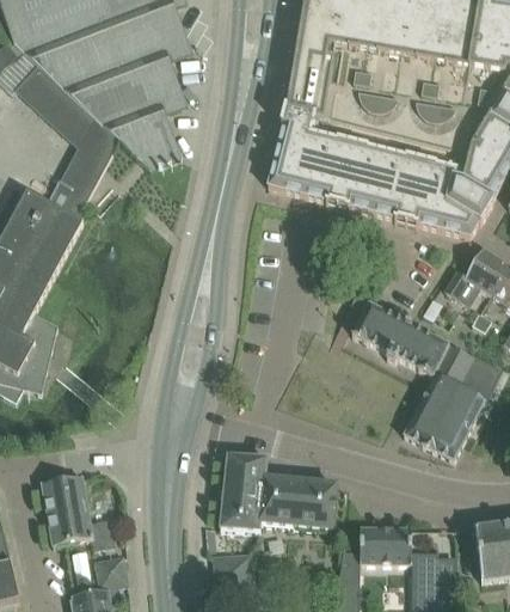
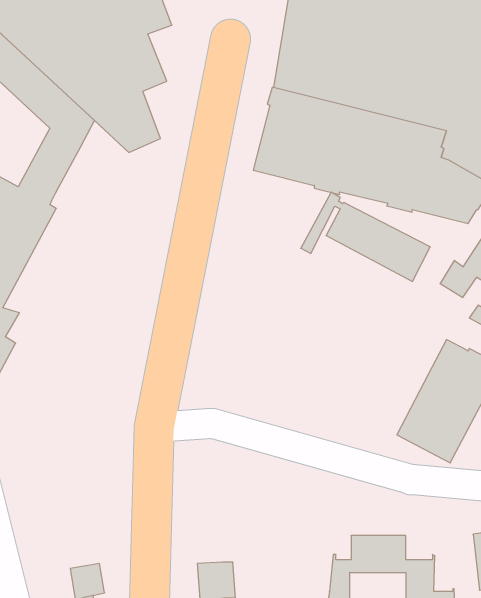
building: [327,293,449,377] -> [301,192,430,281]
building: [220,453,336,531] -> none
building: [42,475,115,547] -> none

